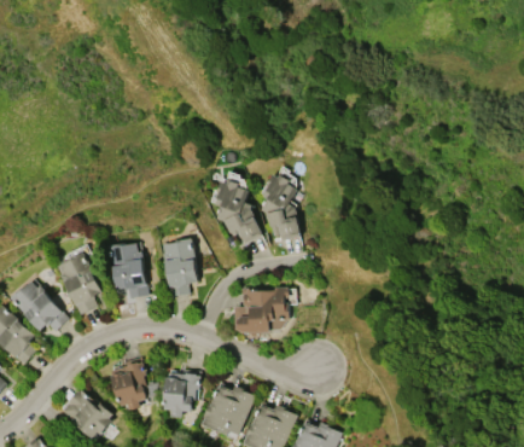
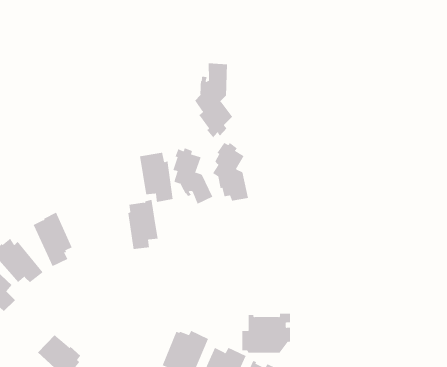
building: none -> [194,62,233,138]
building: [109,242,147,298] -> [139,152,173,202]
building: [233,288,289,332] -> [241,313,291,353]
building: [111,362,146,411] -> none
building: [164,373,199,418] -> none

